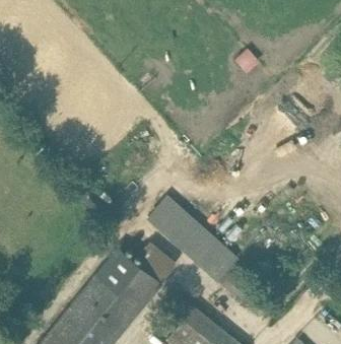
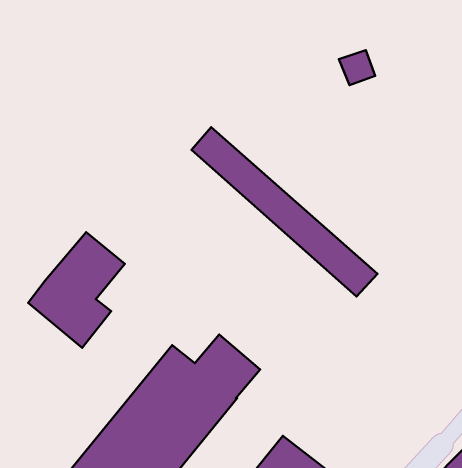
building: none -> [28,232,125,348]
building: [149,203,274,317] -> [191,127,378,297]

